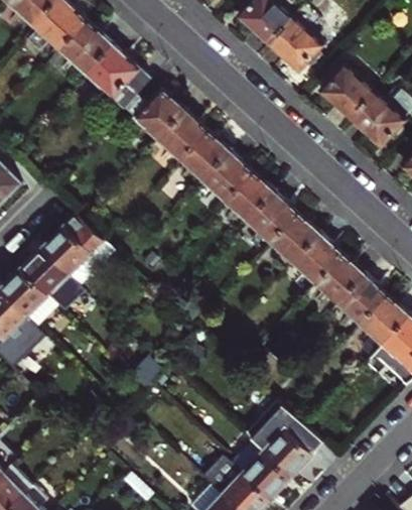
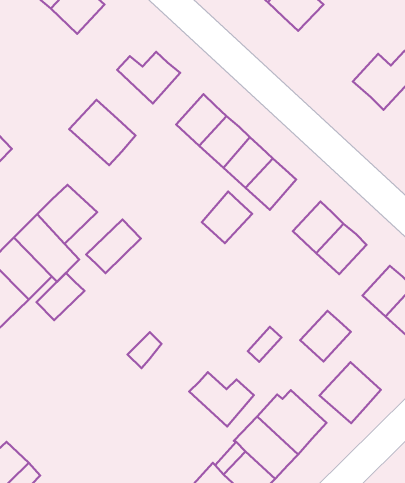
building: [85,44,148,107] -> [69,100,136,165]
building: [318,65,373,118] -> none
building: [157,110,205,159] -> none
building: [269,212,317,261] -> [202,192,252,243]
building: none -> [86,220,141,273]
building: [335,274,384,323] -> [300,311,351,361]
building: none -> [37,273,84,320]
building: none -> [320,362,381,423]
building: none -> [189,372,254,426]

